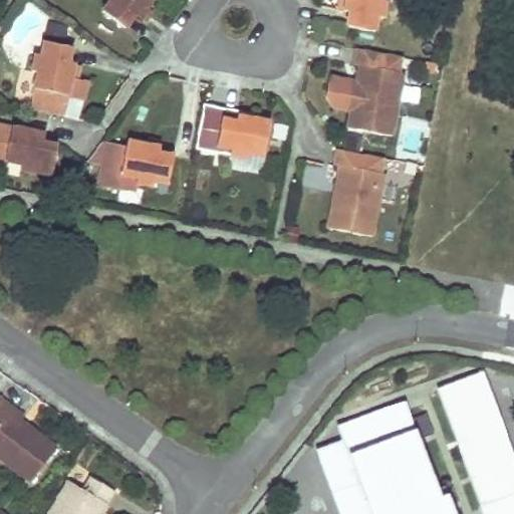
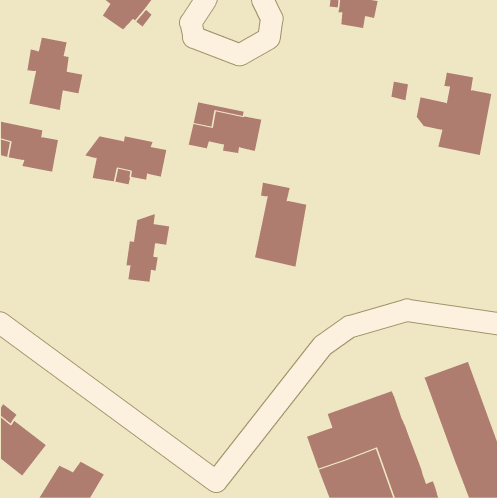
building: [326,47,405,133] -> [416,72,492,155]
building: [329,150,383,237] -> [254,182,307,267]
building: none -> [126,213,170,283]

